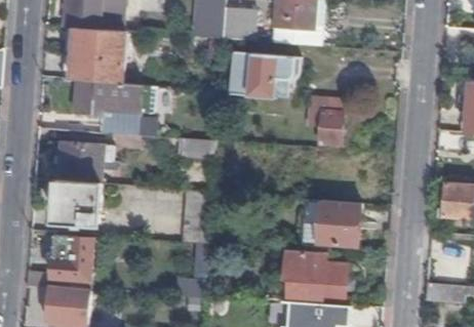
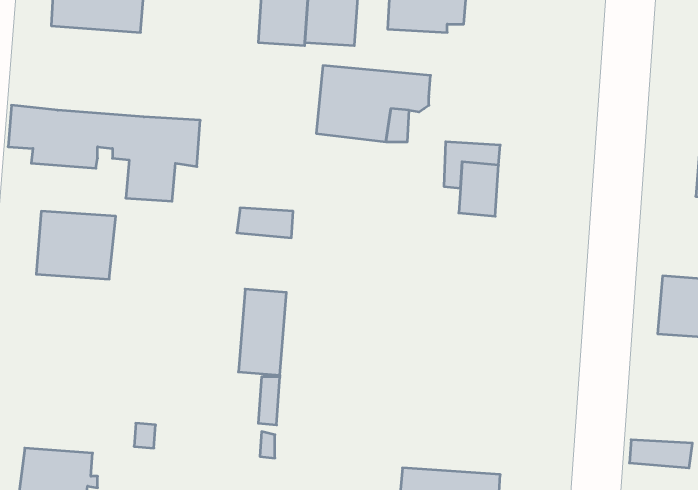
building: [64,28,127,84] -> none
building: [54,181,102,224] -> none
building: [316,200,360,247] -> none
building: [51,236,93,281] -> none
building: [283,250,347,305] -> none

